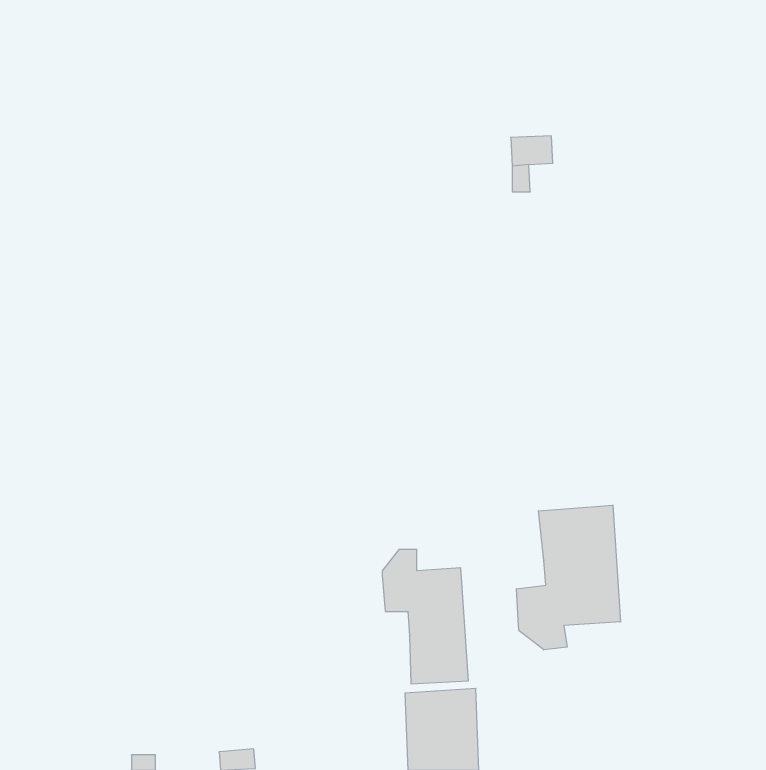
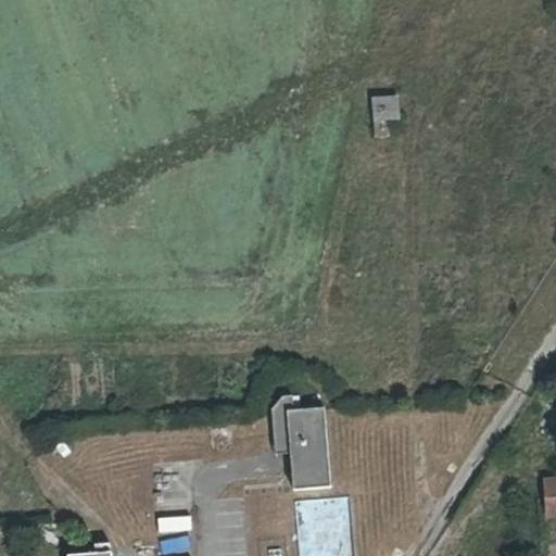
building: [517,505,621,650] -> none

